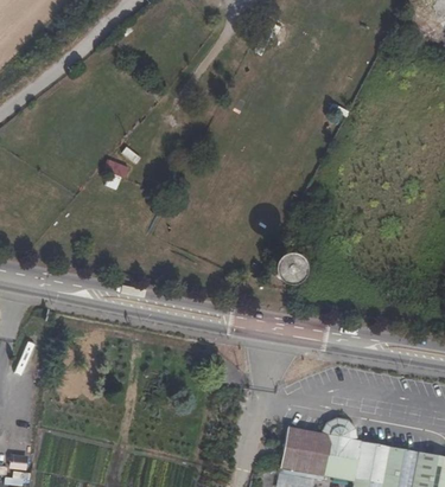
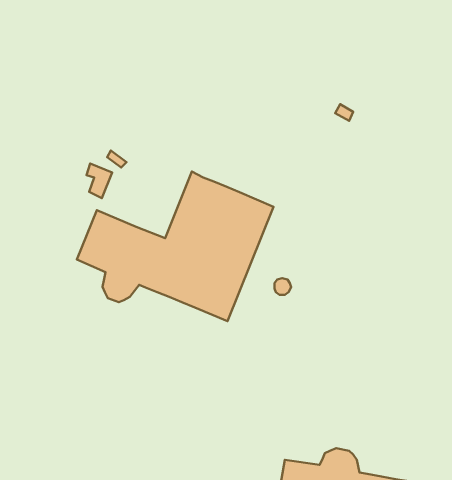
building: none -> [77,172,273,321]

